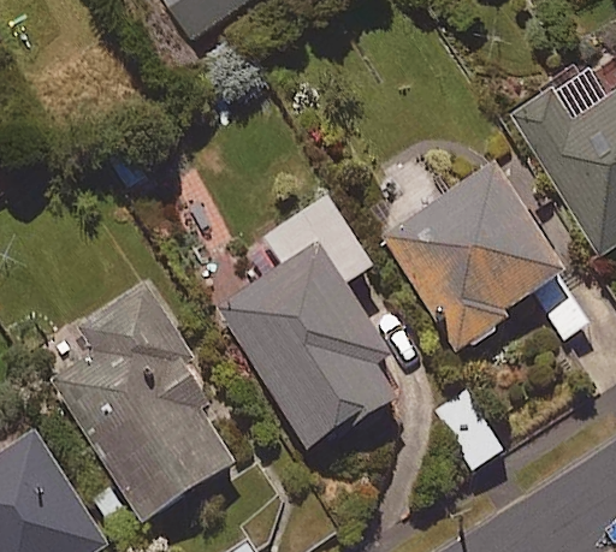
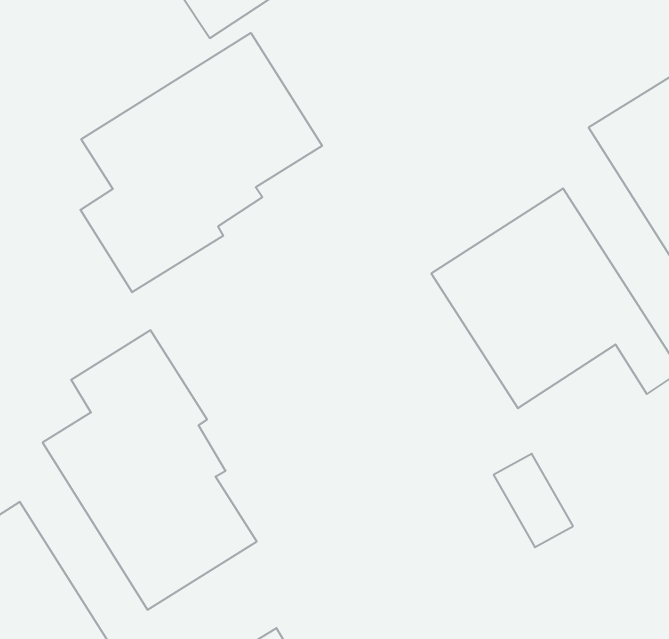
building: none -> [80,33,322,292]
building: [219,196,396,452] -> none

